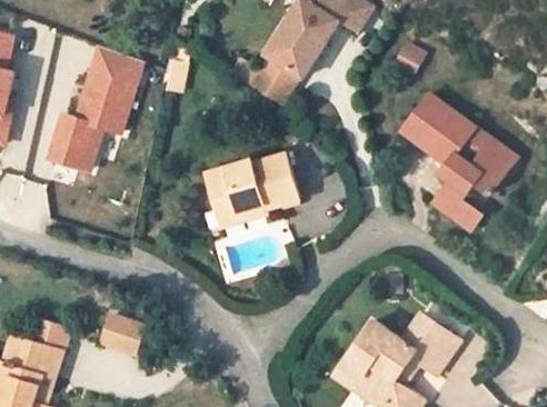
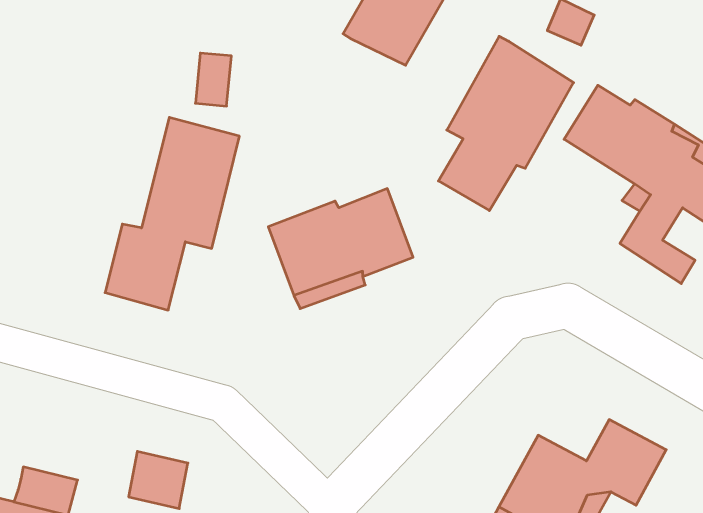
building: [47,49,141,173] -> [105,117,239,310]
building: [245,54,300,113] -> none
building: none -> [438,36,574,211]

